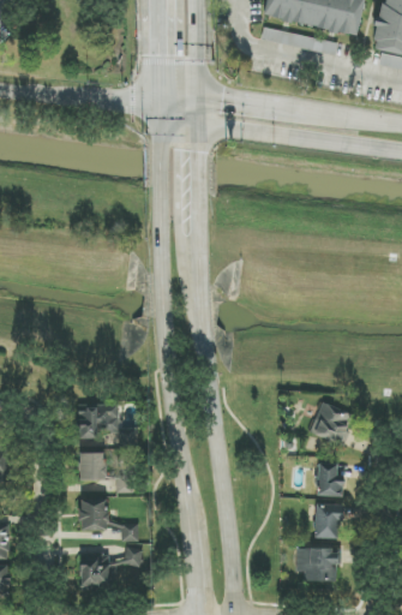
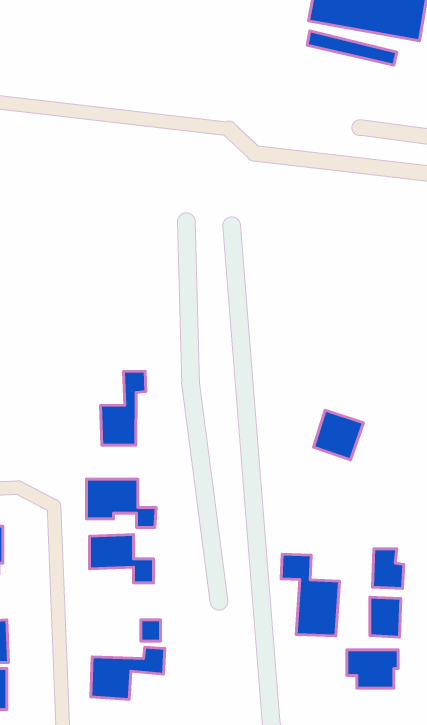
building: none -> [101,371,146,445]
building: [311,402,353,444] -> [314,410,363,460]
building: none -> [281,554,339,636]
building: [78,498,108,531] -> none

